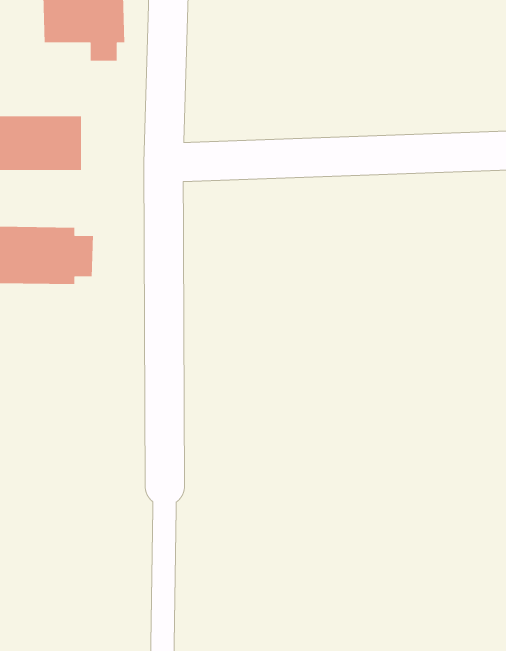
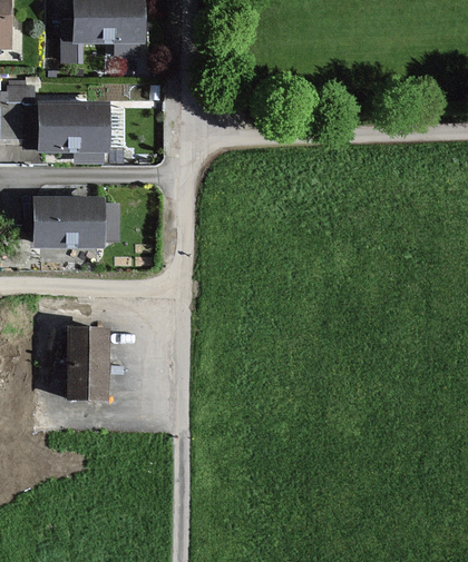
building: none -> [67,327,107,397]

